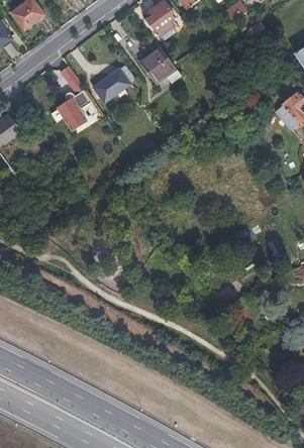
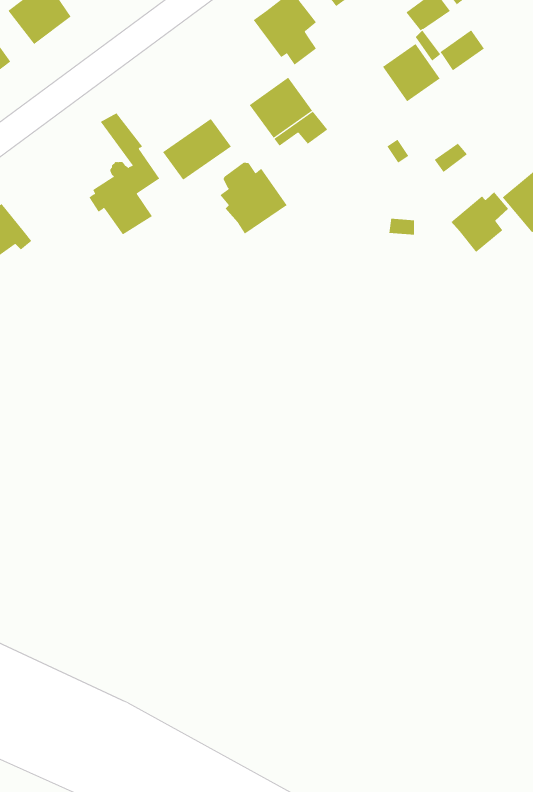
building: none -> [382,43,440,102]
building: none -> [220,162,287,234]
building: none -> [450,191,509,253]

